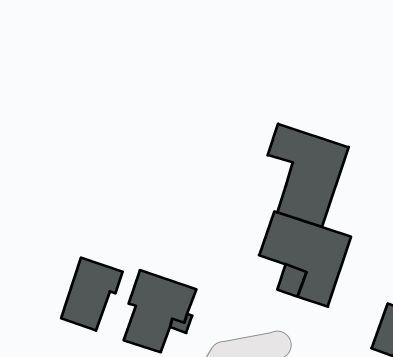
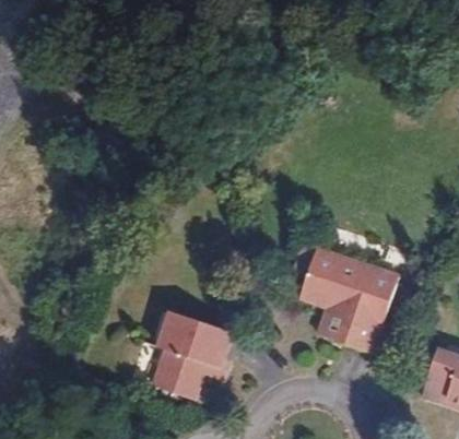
building: [268,124,349,227] -> none
building: [61,258,123,331] -> none

